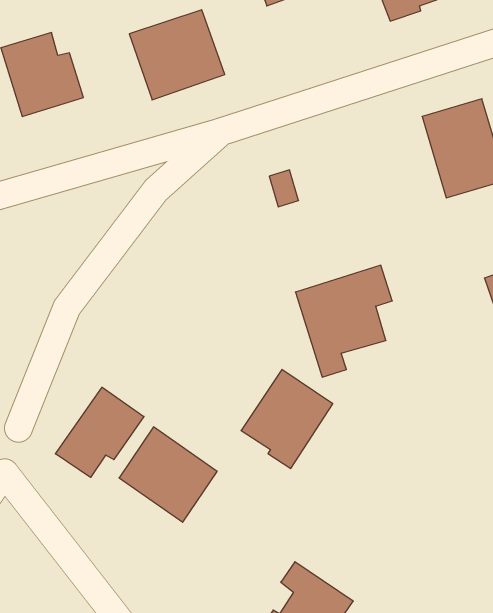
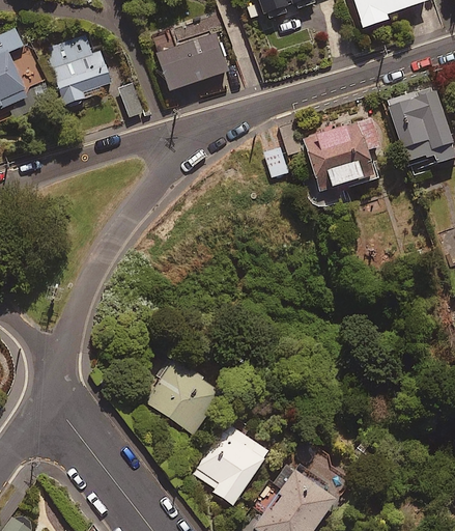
building: [295,265,392,377] -> [302,116,380,207]
building: [241,369,333,469] -> [193,423,267,504]
building: [55,387,144,477] -> none

